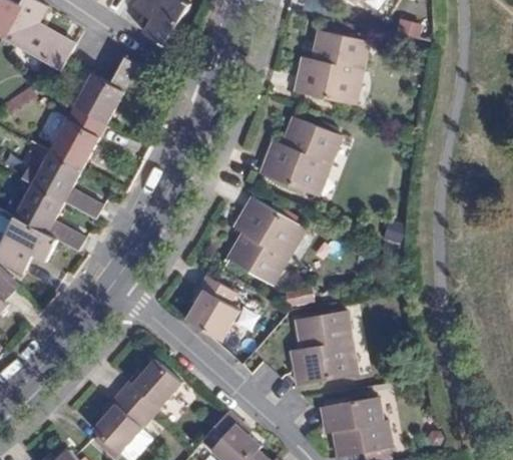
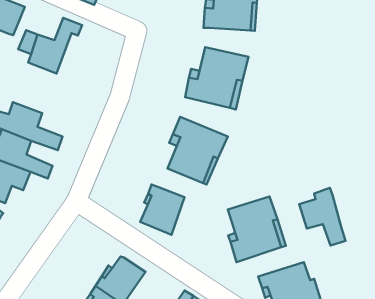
building: [48,106,106,170] -> none
building: none -> [299,188,346,245]

